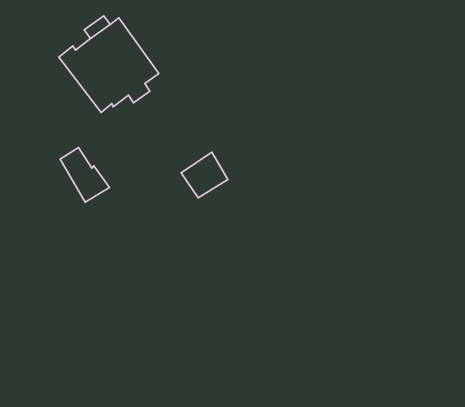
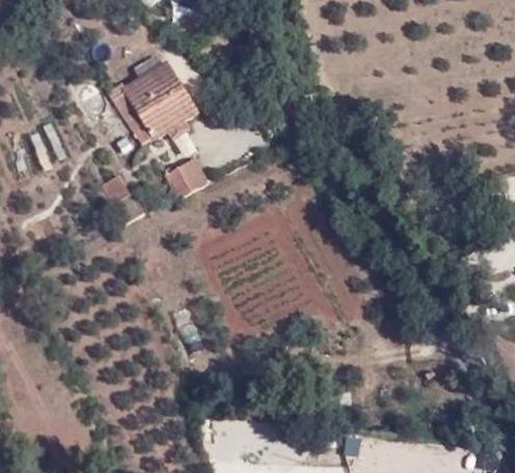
building: [181,152,228,198] -> [166,156,208,196]

